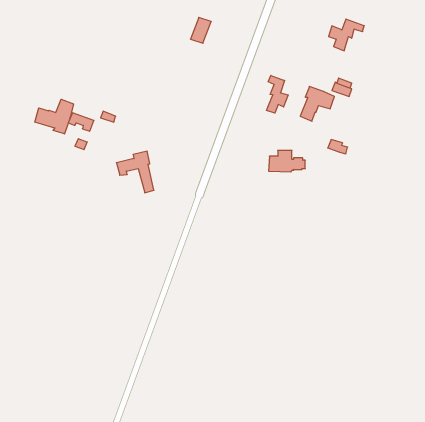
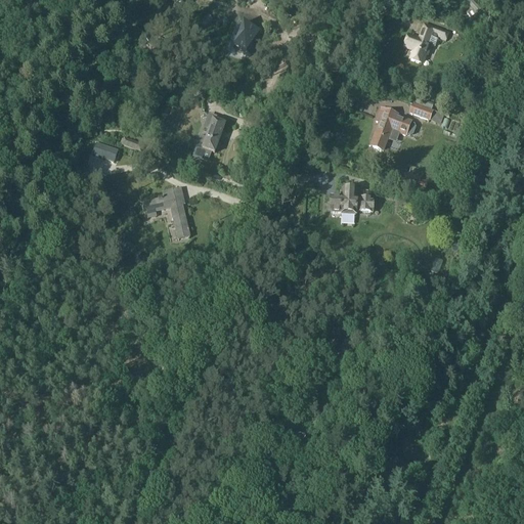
building: [267,75,288,113] -> none
building: none -> [193,118,225,159]
building: [35,99,74,134] -> none

